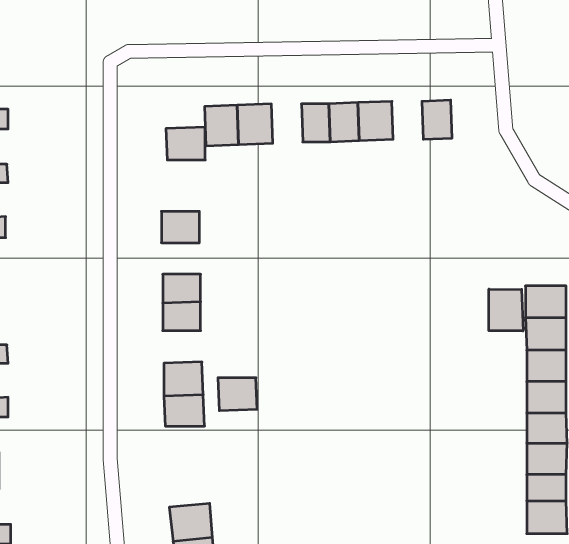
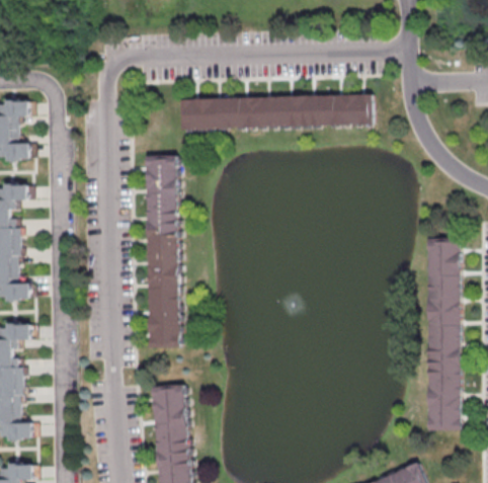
building: none -> [325,95,349,125]
building: none -> [232,97,256,128]
building: [166,127,205,160] -> [146,155,176,180]
building: none -> [147,205,177,229]
building: [489,289,523,331] -> none
building: [218,378,257,411] -> [148,272,178,298]
building: none -> [151,384,184,409]

